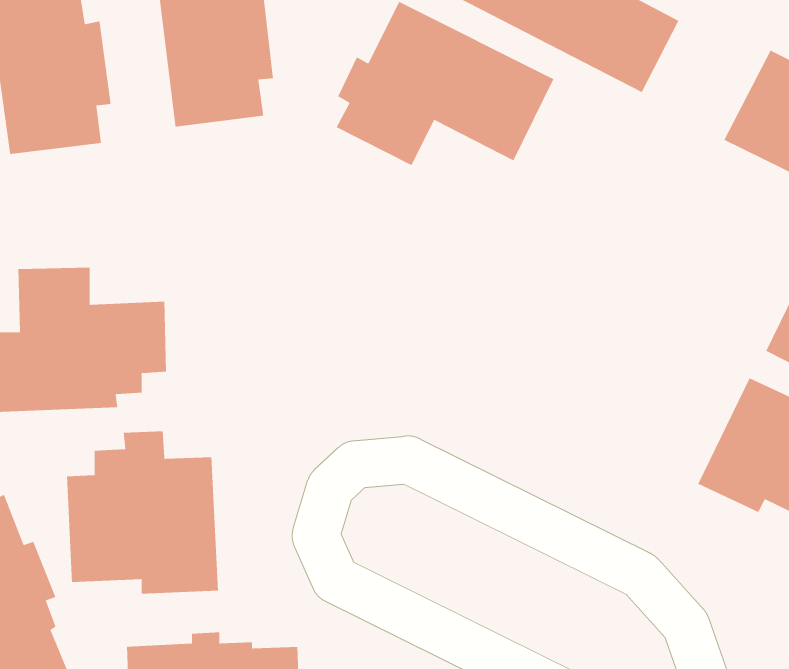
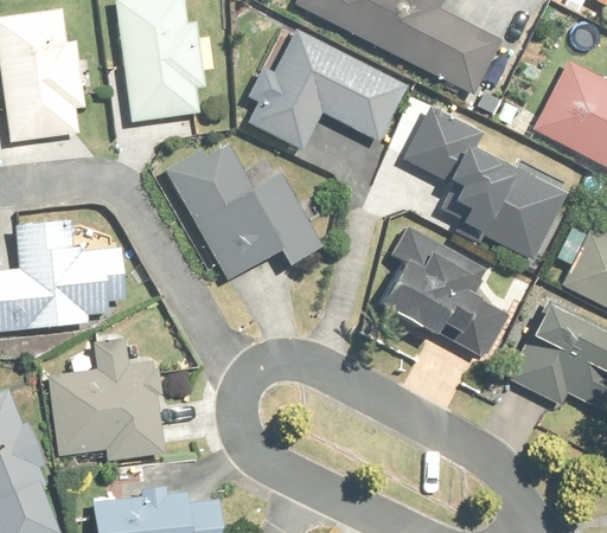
building: none -> [405,108,571,259]
building: none -> [166,145,322,281]
building: none -> [381,223,511,357]

